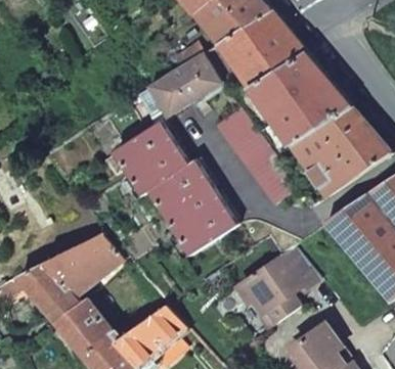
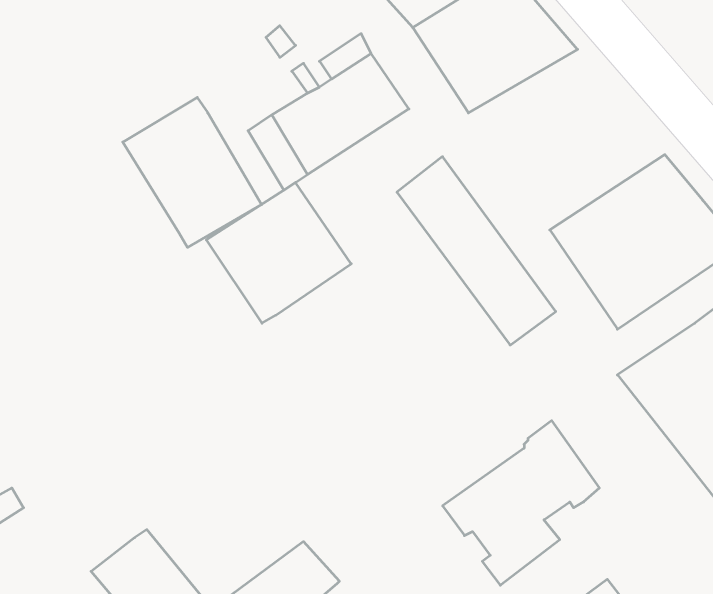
building: [250,52,351,145] -> none
building: none -> [123,97,262,247]
building: [150,158,237,252] -> none
building: [17,232,122,321] -> none

